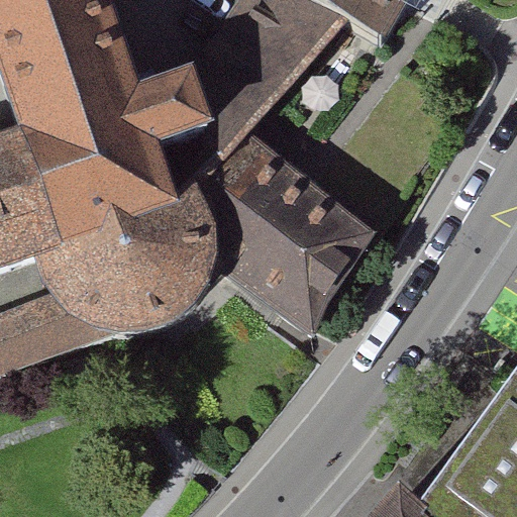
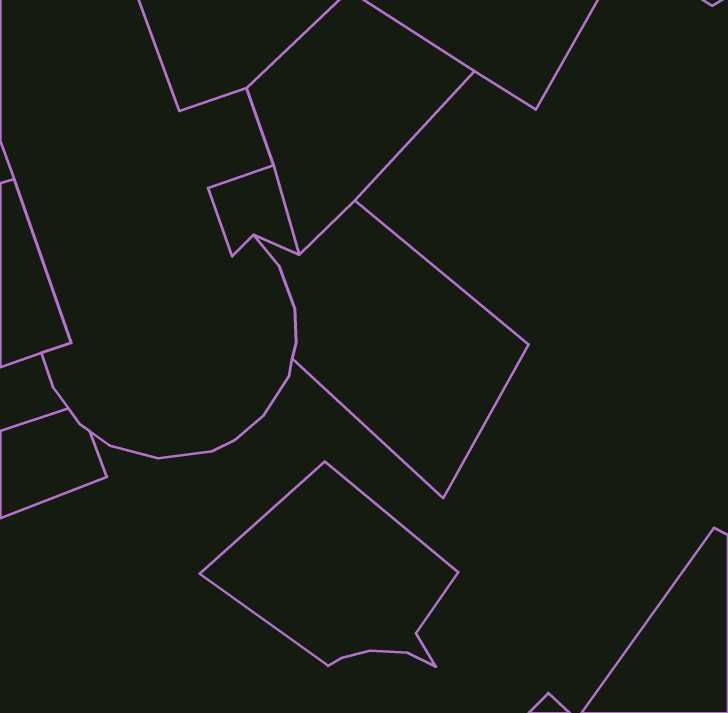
building: none -> [200,462,458,667]

